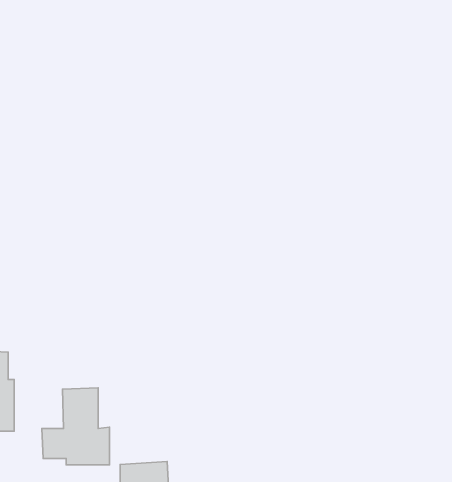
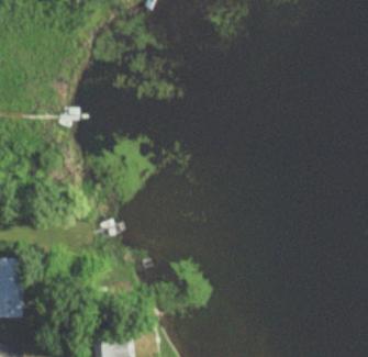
building: [42,388,109,465] -> none

